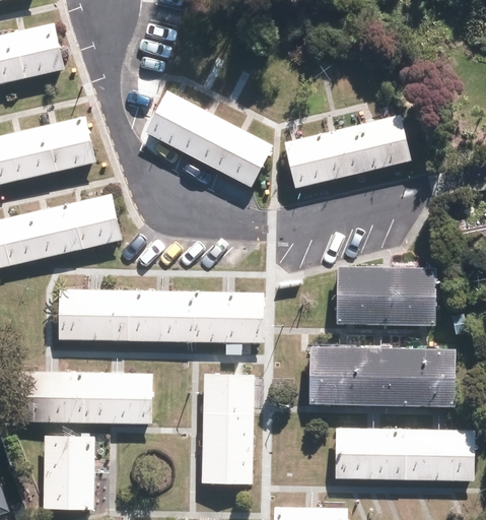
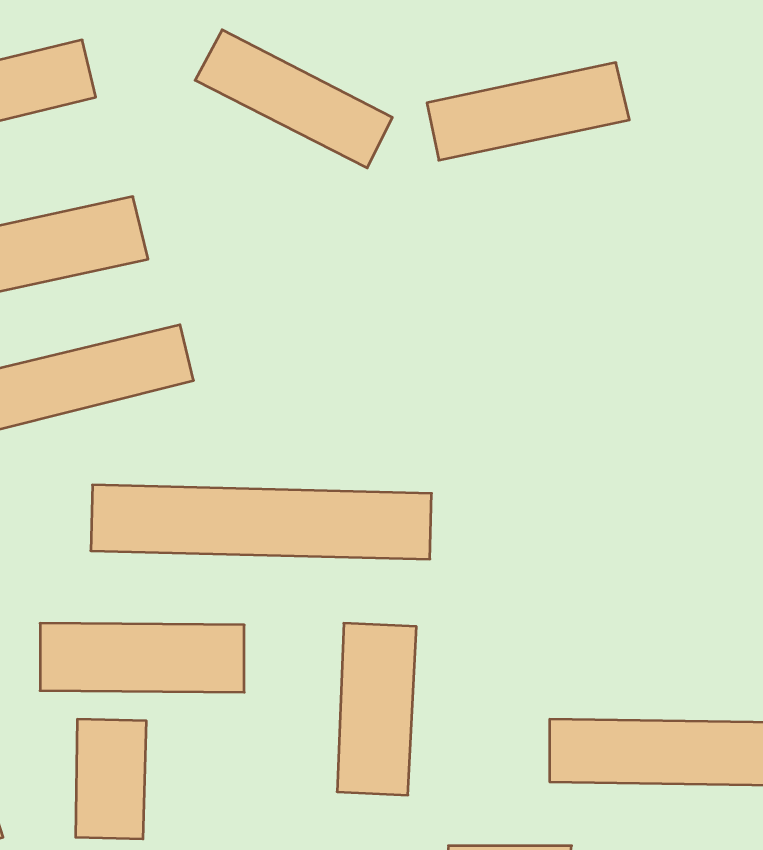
building: [150,95,269,179] -> [195,30,392,168]
building: [286,125,408,184] -> [427,63,629,160]
building: [338,276,434,319] -> none
building: [309,355,454,398] -> none

